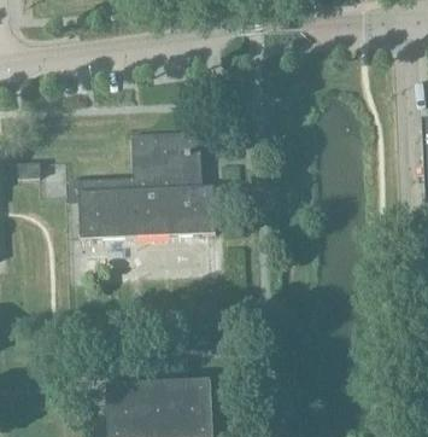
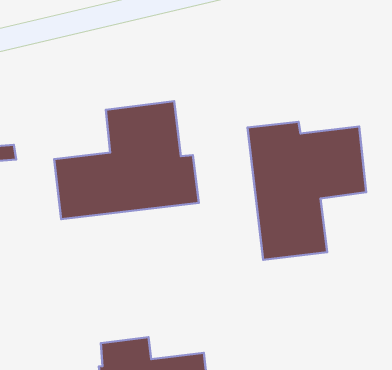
building: none -> [248,122,366,260]

